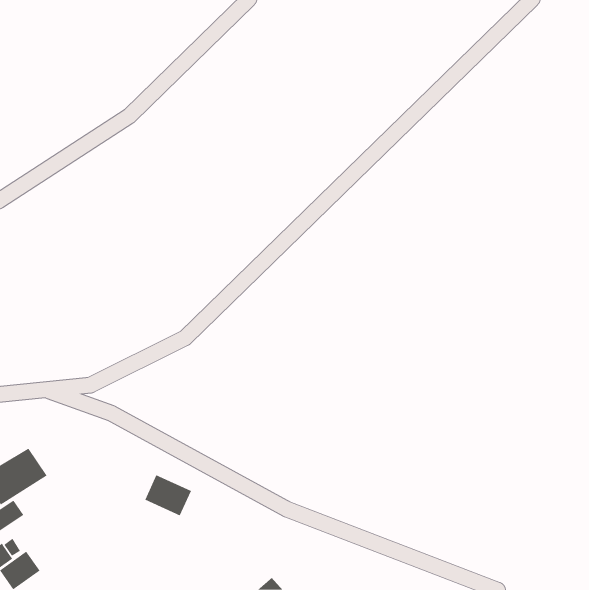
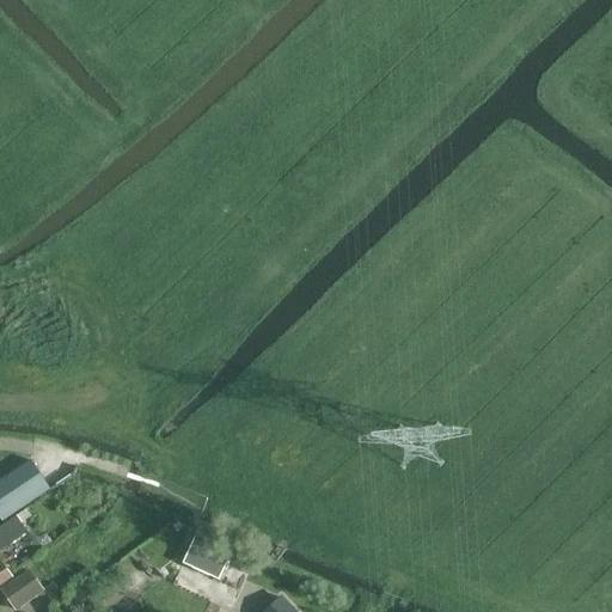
building: [144,475,192,516] -> [180,538,230,581]

